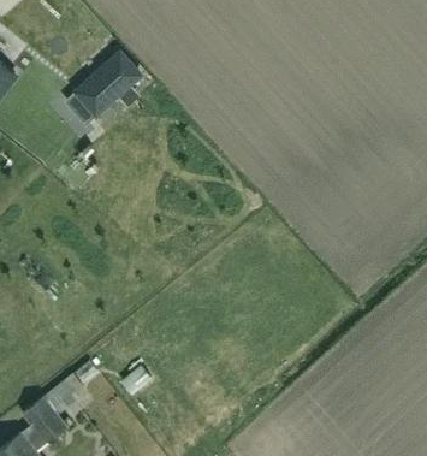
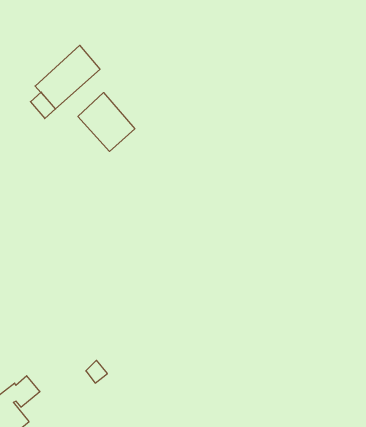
building: none -> [78,93,135,151]

